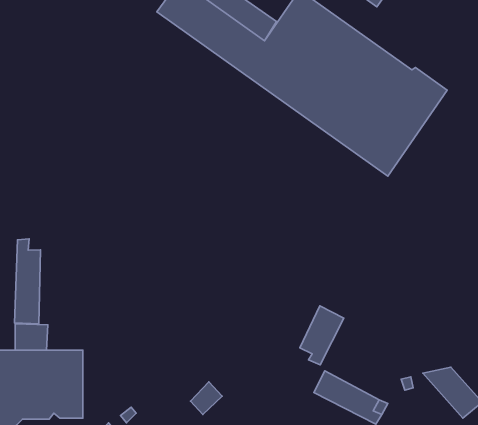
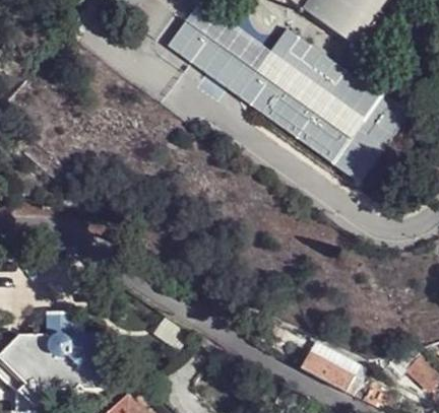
building: [15,239,41,324] -> none
building: [300,306,344,365] -> none

